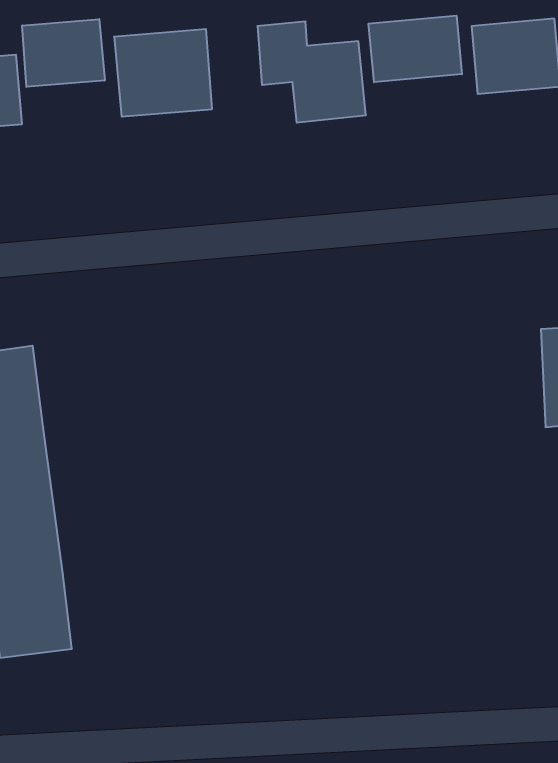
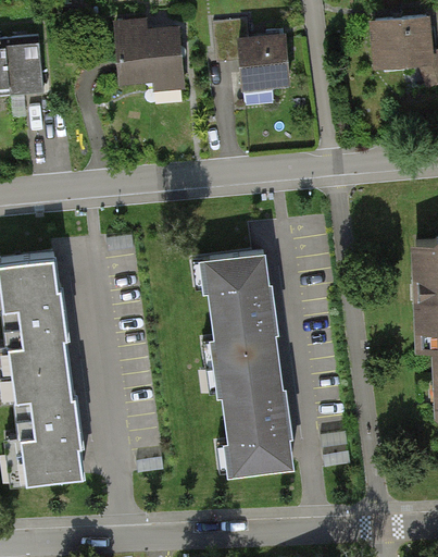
building: [369,16,462,82] -> none
building: [22,19,105,87] -> none
building: none -> [211,253,289,467]

